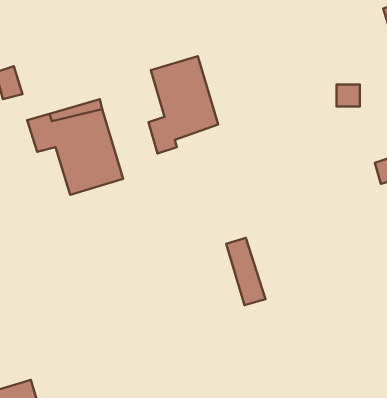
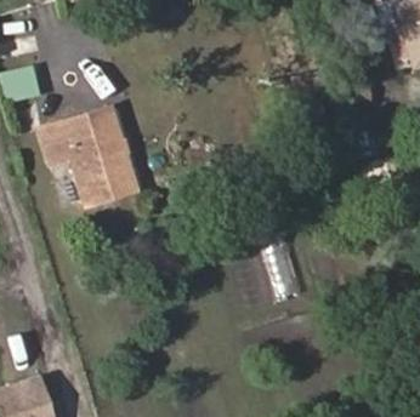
building: [148,56,218,153] -> none

